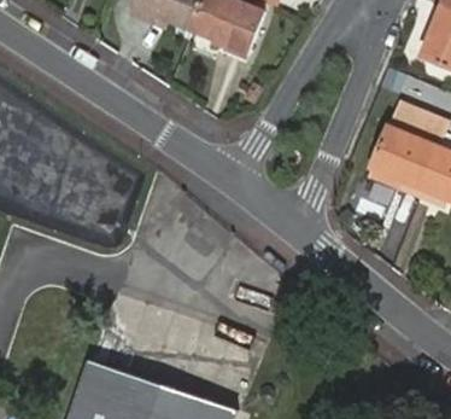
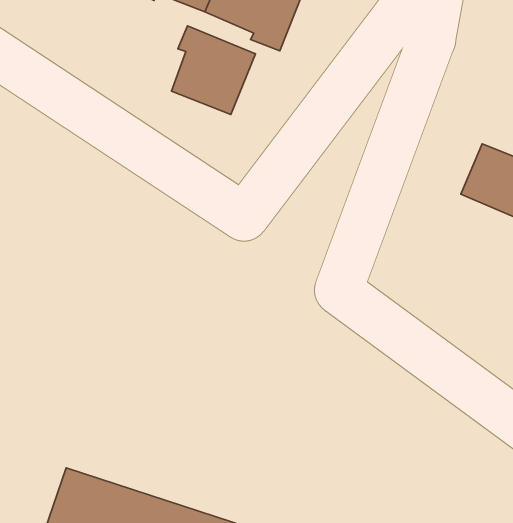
building: none -> [172,26,255,114]

